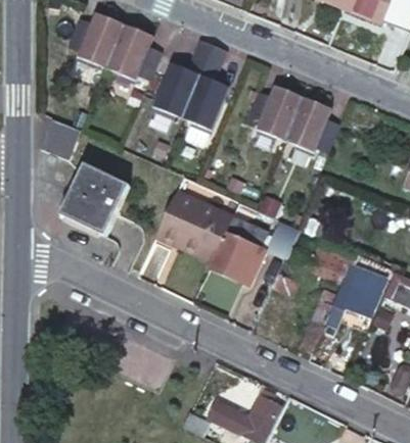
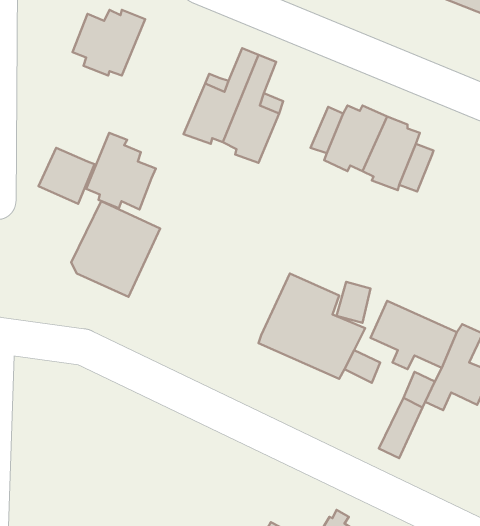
building: [106,26,158,83] -> [86,133,156,209]
building: [157,193,232,261] -> none

